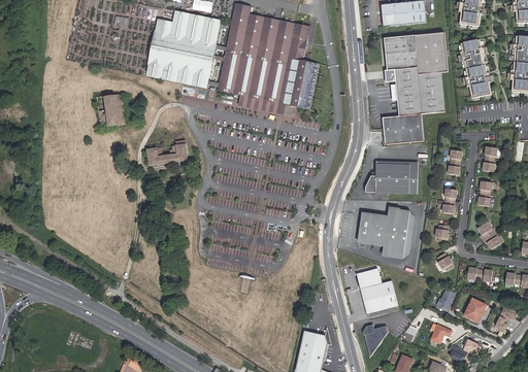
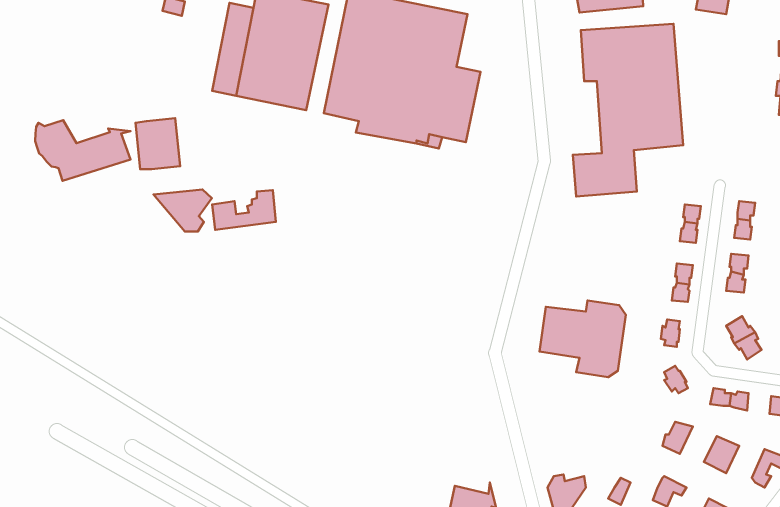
building: [459,38,490,98] -> none
building: none -> [35,120,131,181]
building: none -> [154,189,212,231]
building: [364,162,418,192] -> none
building: [356,266,398,311] -> none

